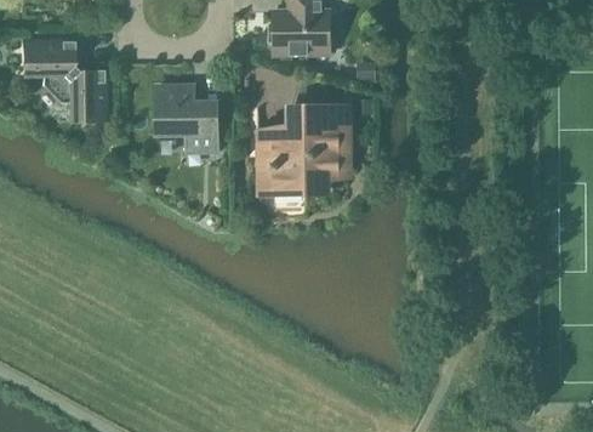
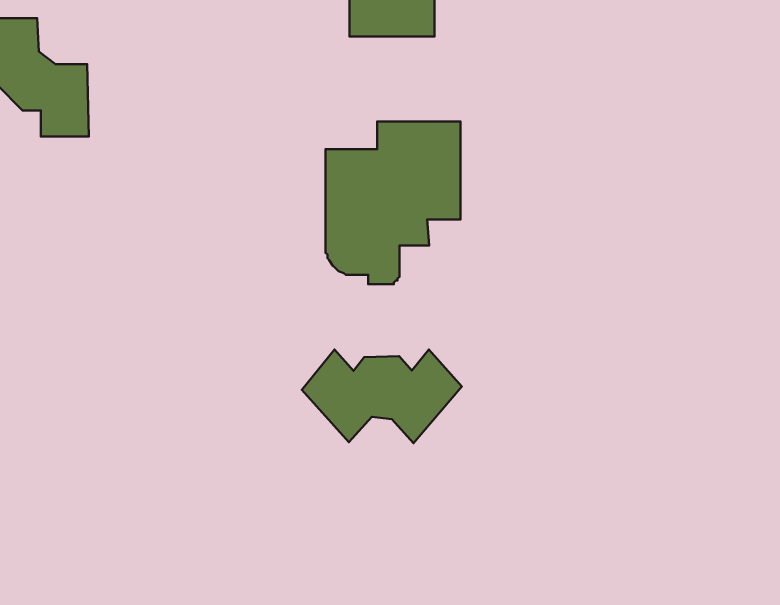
building: [156,84,216,149] -> none
building: none -> [302,350,462,443]

